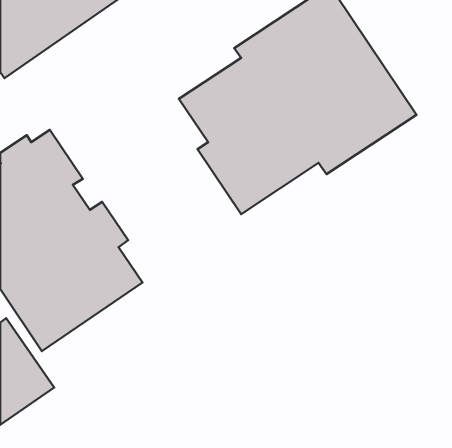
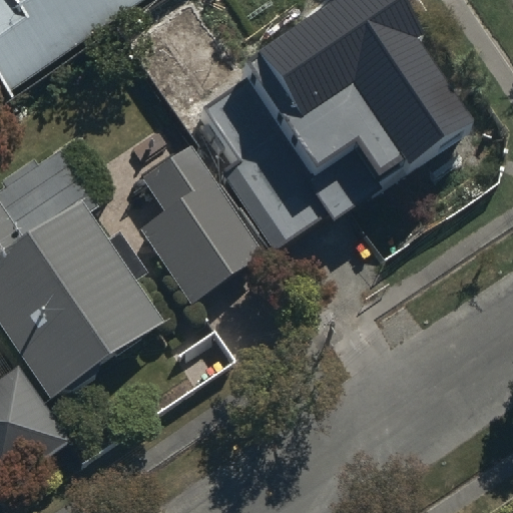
building: none -> [136,137,263,301]

